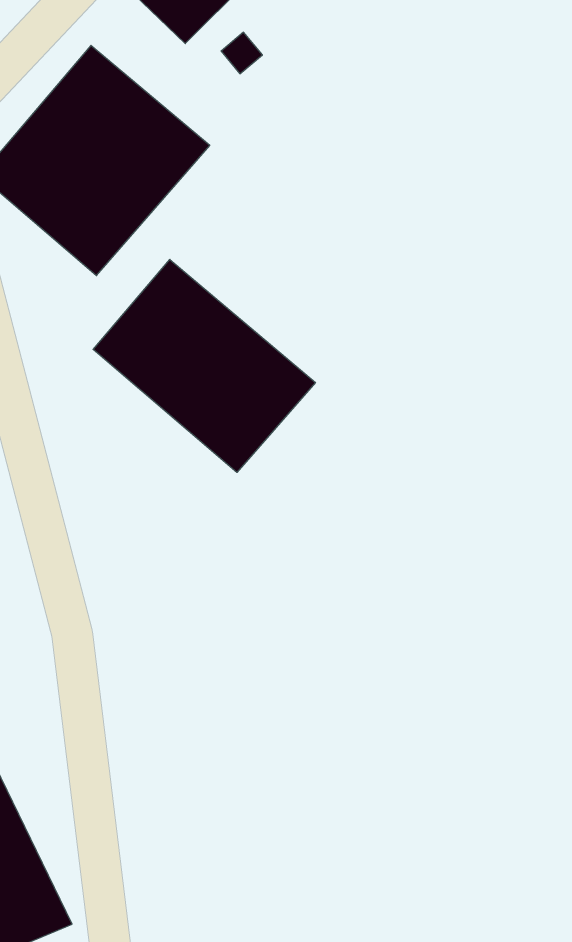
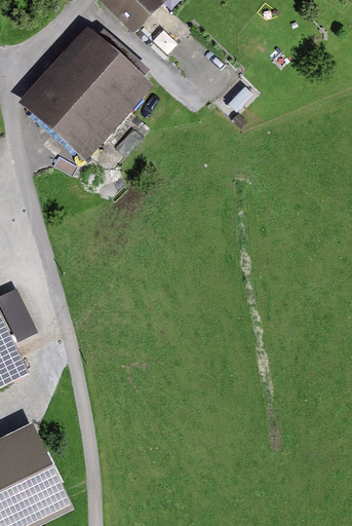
building: [93,259,315,472] -> none

